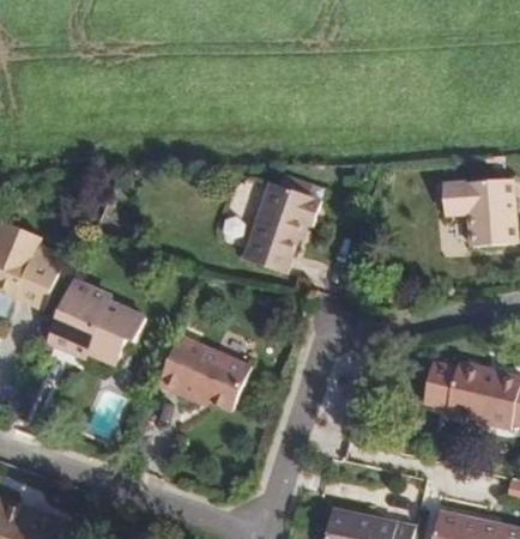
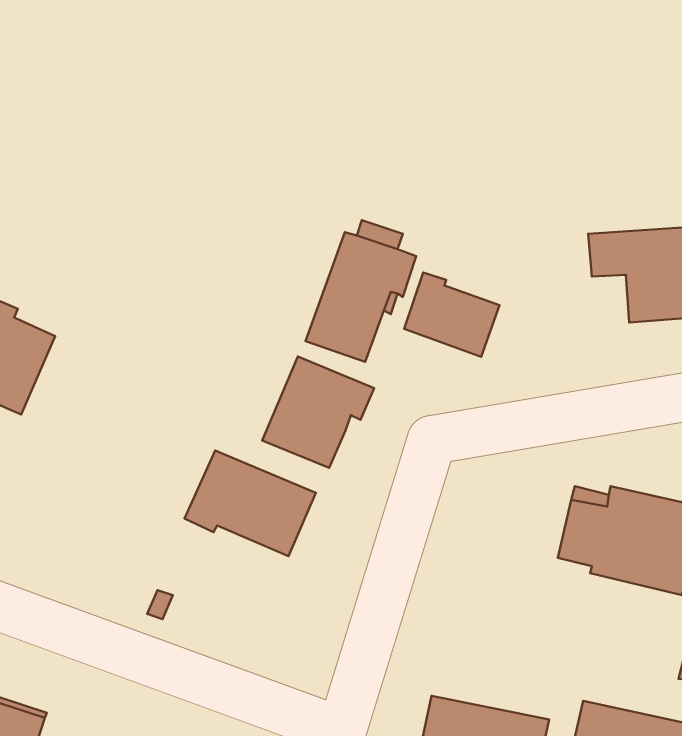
building: none -> [404,273,499,357]
building: none -> [262,357,374,468]
building: [47,278,145,362] -> none

